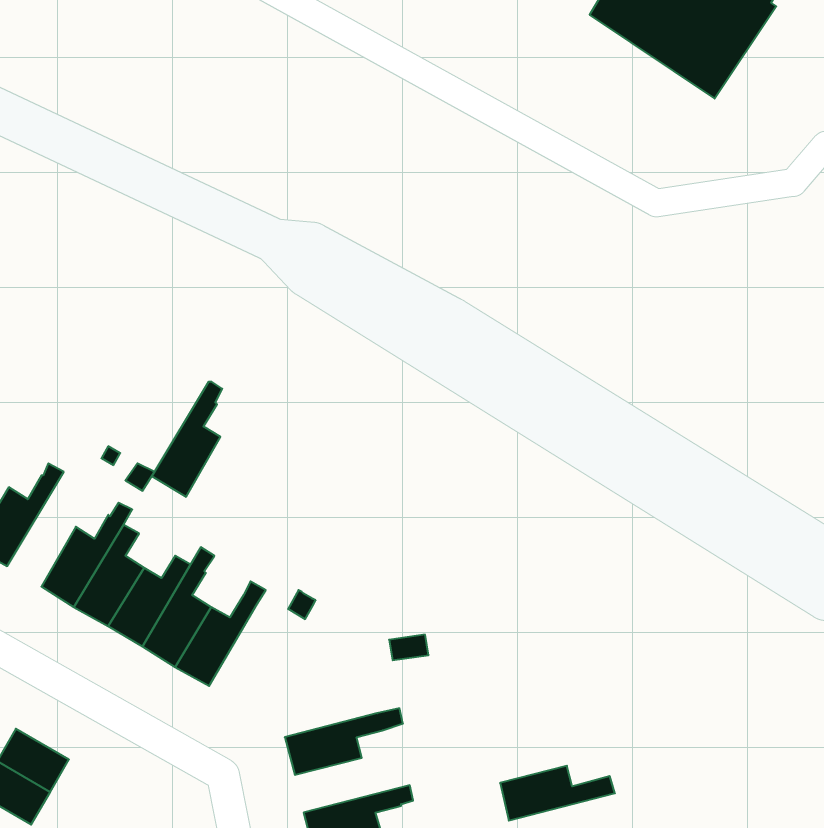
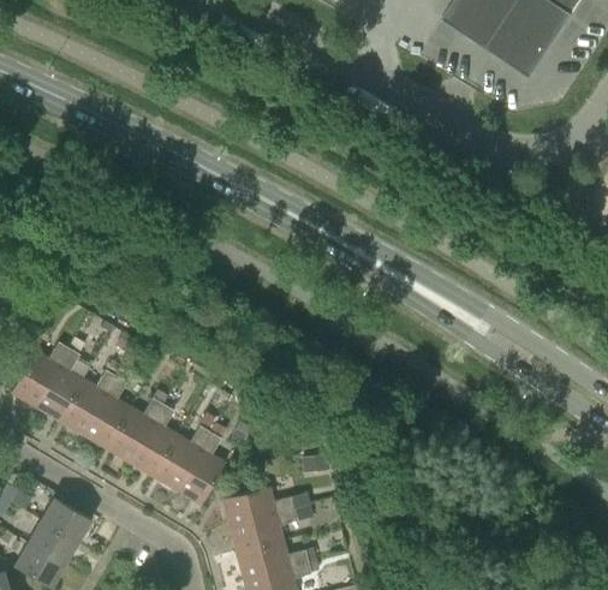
building: [152,382,222,497] -> [34,339,83,419]
building: none -> [175,431,225,503]
building: none -> [221,485,293,525]
building: none -> [40,496,90,541]
building: [500,766,615,821] -> [236,540,316,578]

